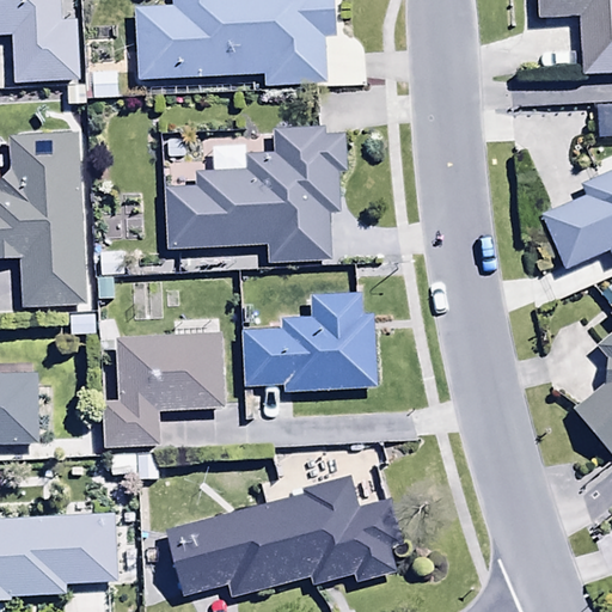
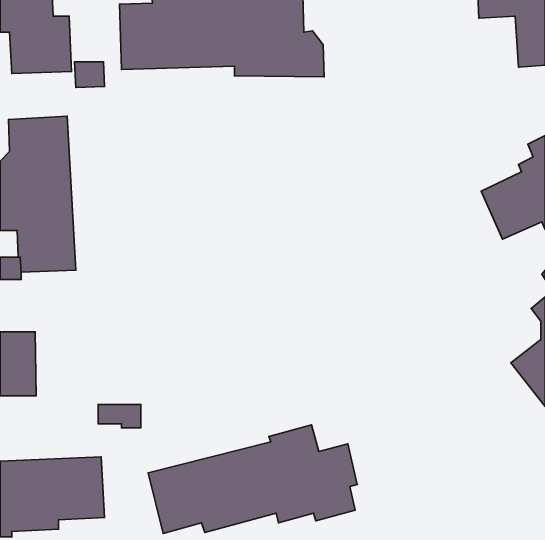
building: [163,124,345,262] -> none
building: [241,293,377,392] -> none
building: [102,332,224,448] -> none

